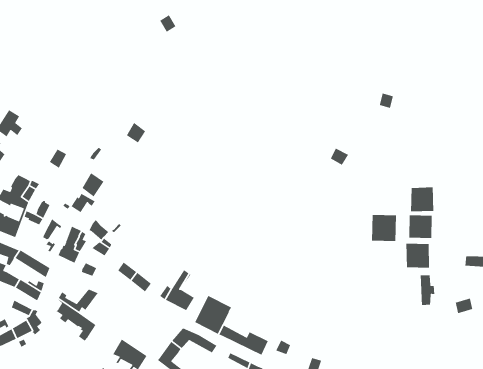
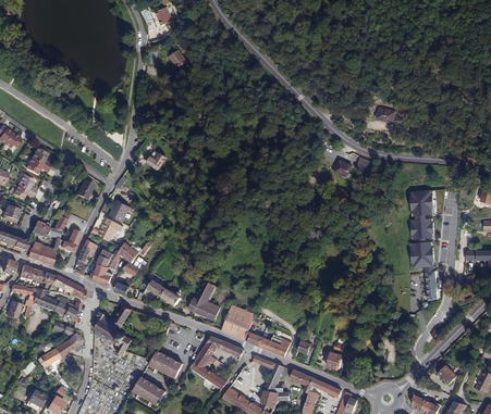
building: [371,214,397,242] -> none

